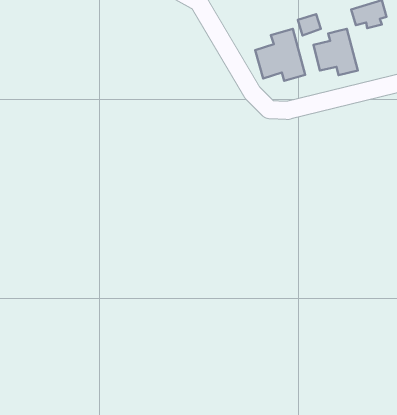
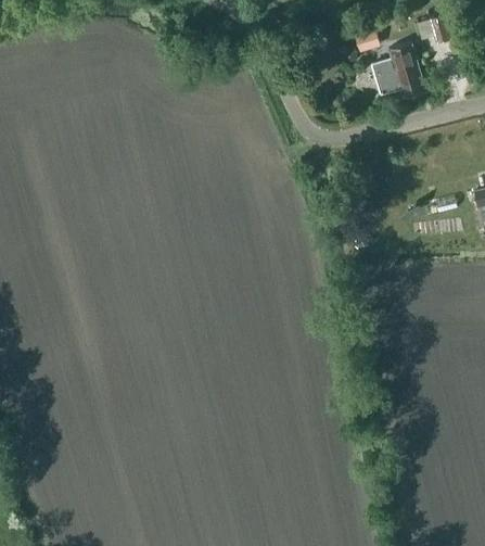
building: [255,29,305,81] -> none

